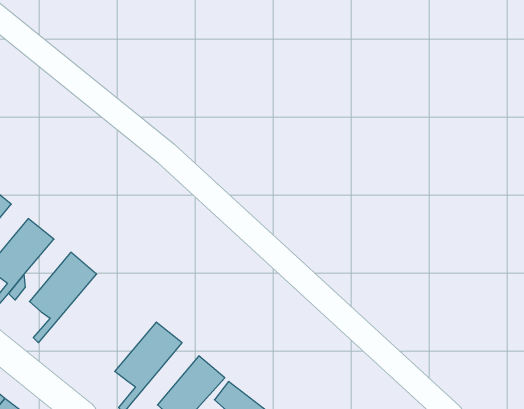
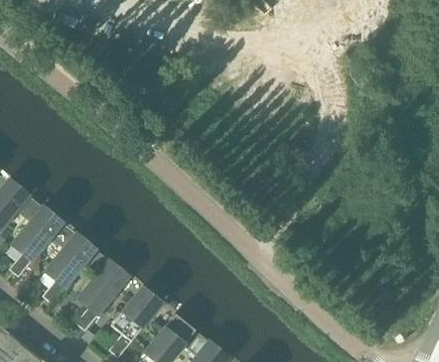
building: none -> [78,253,129,331]

